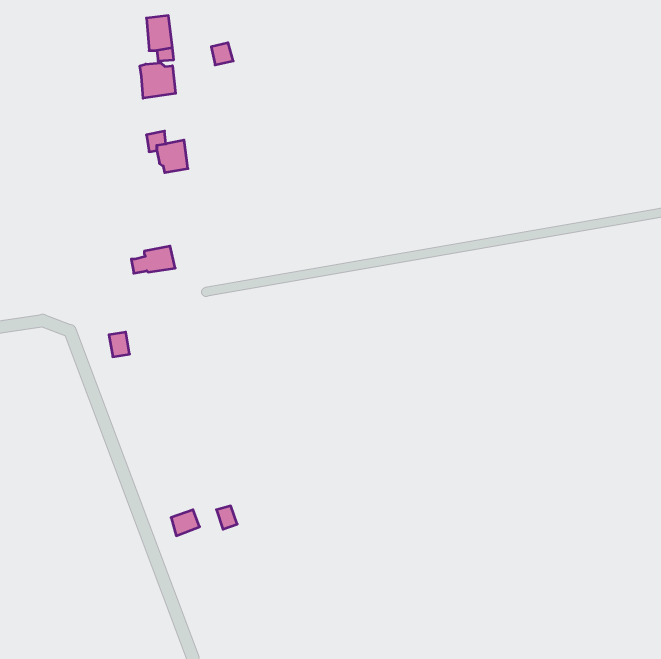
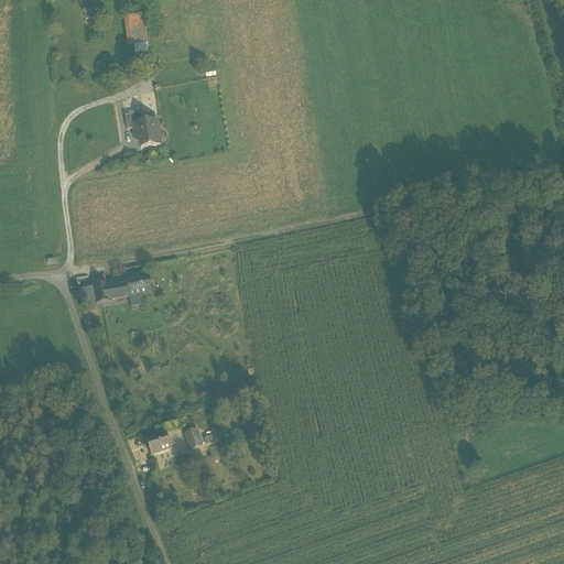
building: [140,63,176,98] -> none
building: [131,246,175,273] -> [116,274,153,297]

